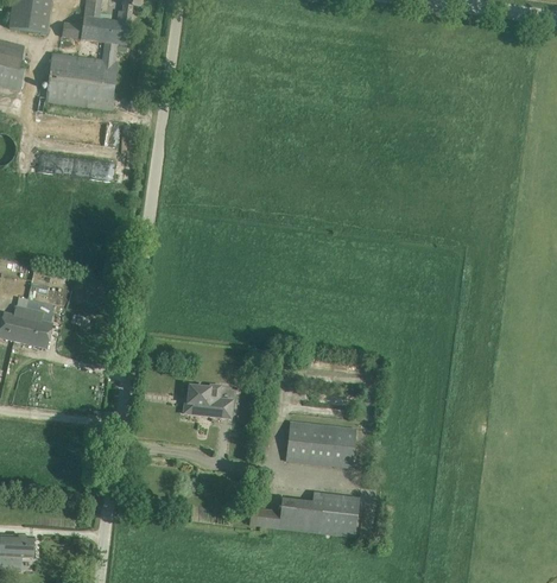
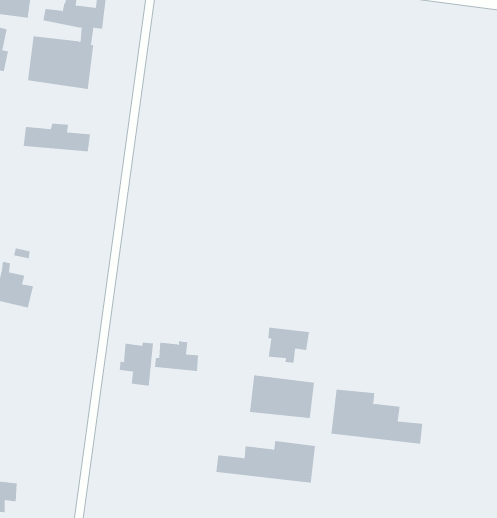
building: none -> [268,327,309,363]
building: none -> [119,342,153,386]
building: none -> [331,389,423,445]

